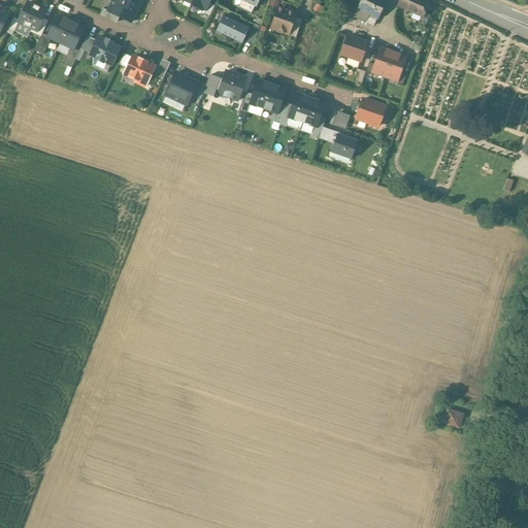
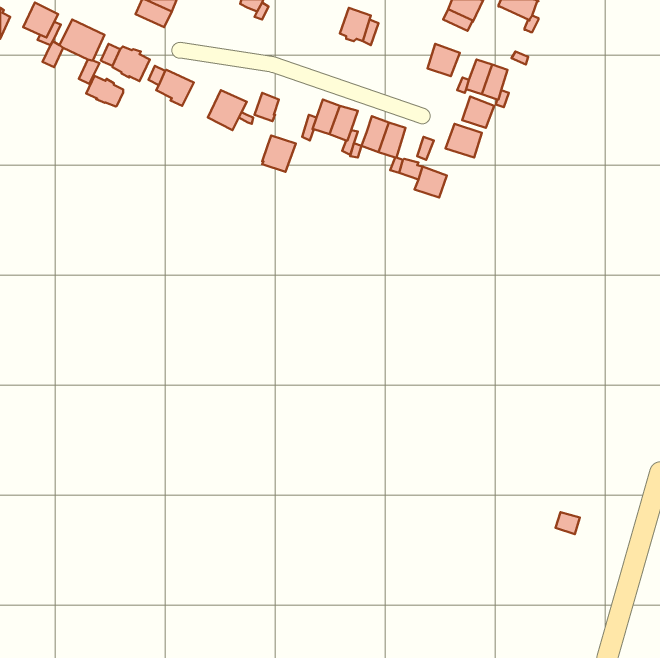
building: [217,15,250,43] -> none
building: none -> [86,76,123,106]
building: [219,71,245,100] -> [262,136,296,172]
building: none -> [462,97,494,128]

